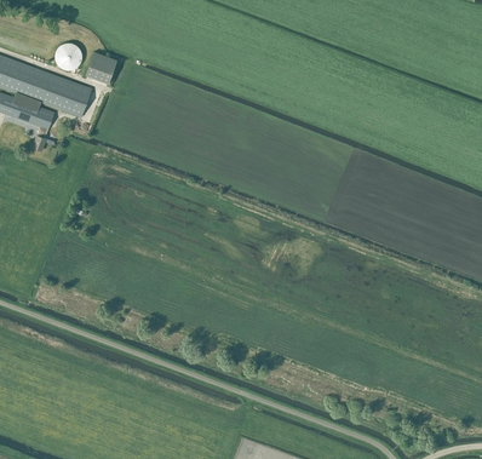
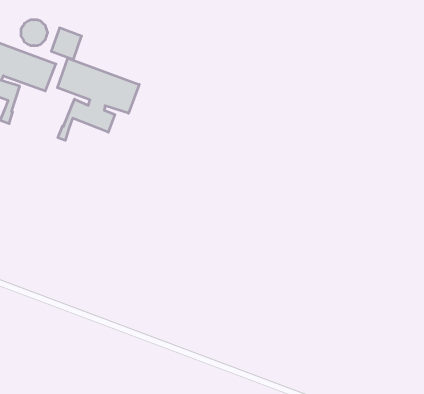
building: none -> [57,58,139,140]

